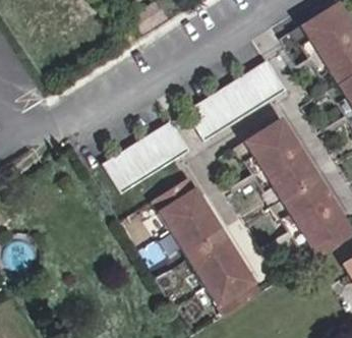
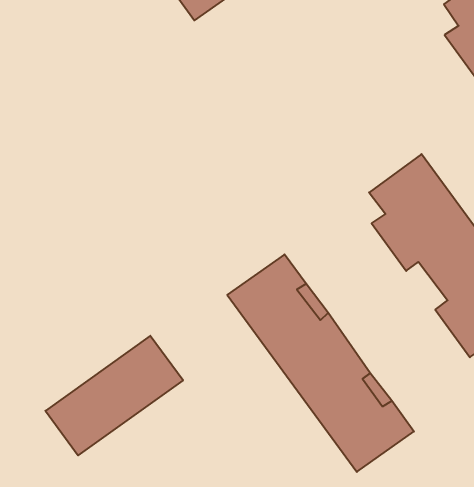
building: [185,59,287,139] -> none
building: [102,120,189,191] -> [45,336,183,455]

